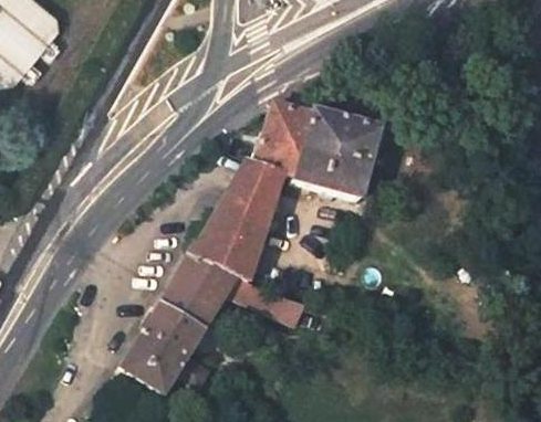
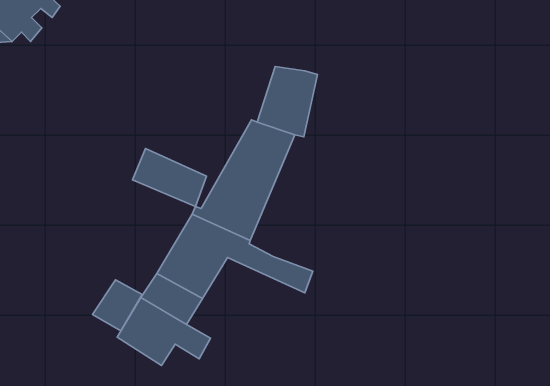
building: [296,109,379,201] -> none
building: none -> [132,148,206,206]
building: none -> [93,280,142,331]

